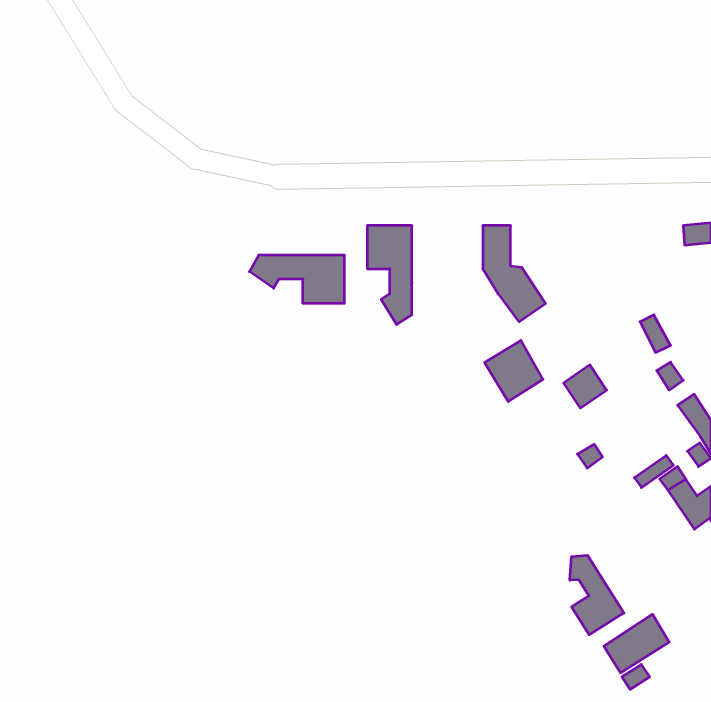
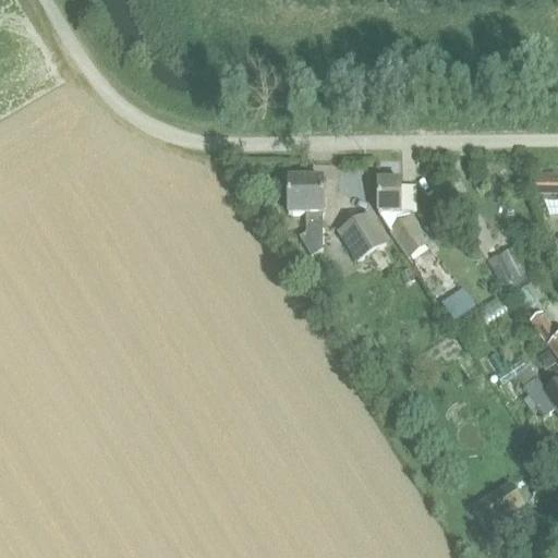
building: [249,255,344,303] -> none
building: [485,340,543,402] -> [339,210,385,258]
building: [570,555,624,635] -> none

